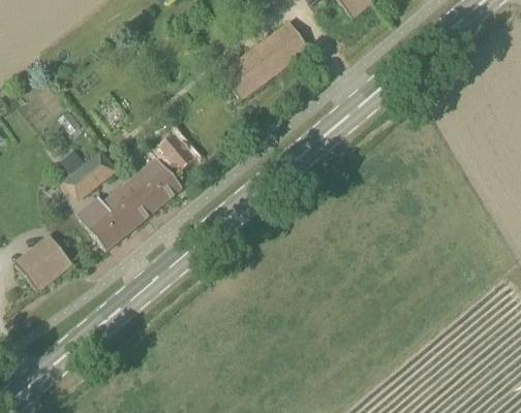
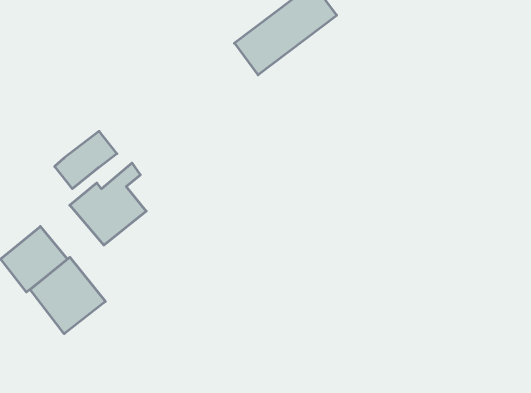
building: [125,133,195,220] -> none
building: none -> [30,257,105,334]

